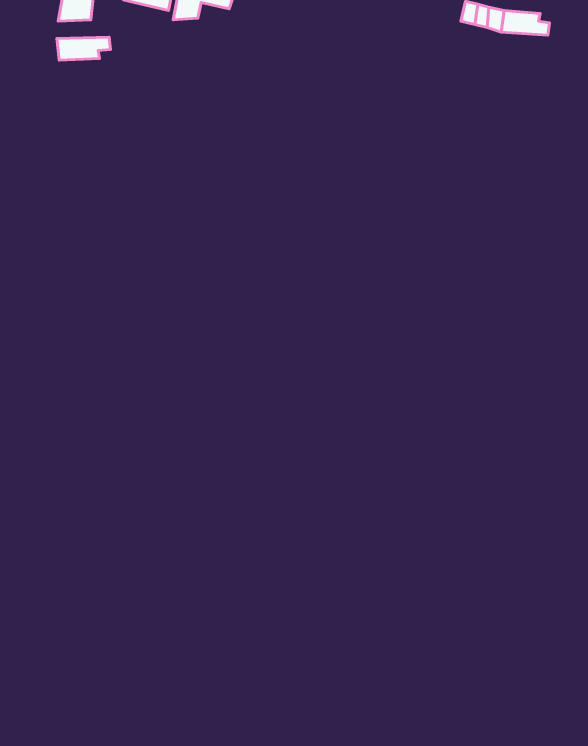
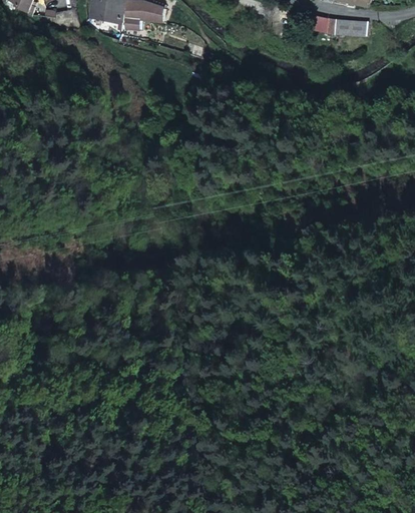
building: [57,37,110,60] -> none

